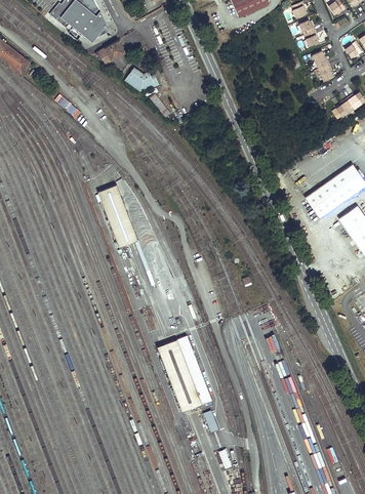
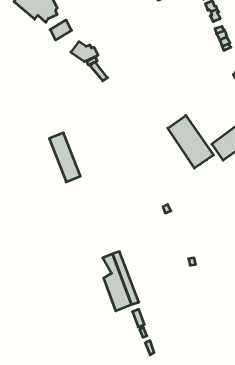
building: none -> [168,115,214,168]

